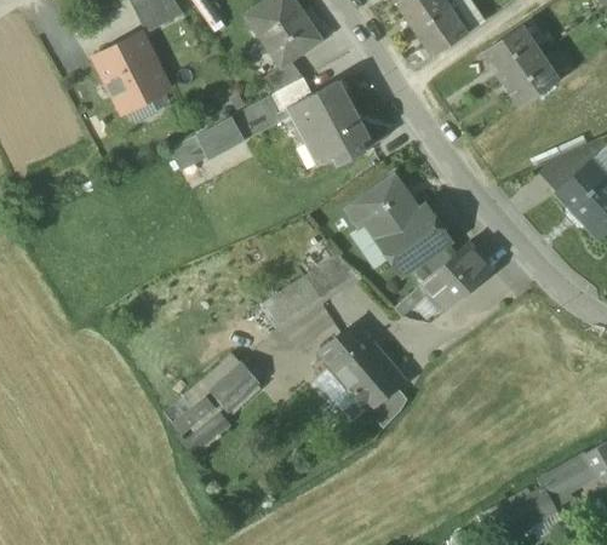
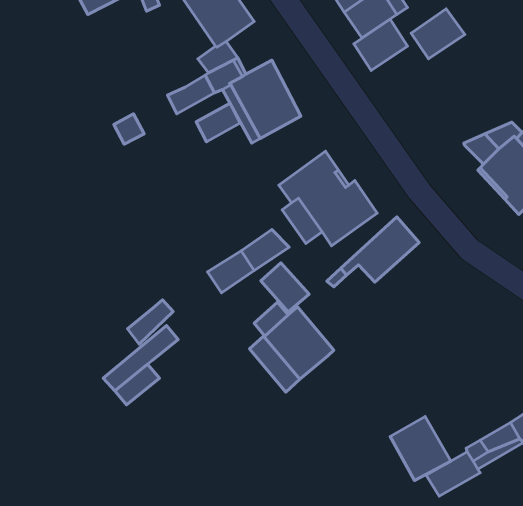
building: [97,35,167,109] -> none
building: [502,52,557,105] -> [354,19,408,71]
building: [196,115,242,155] -> [196,103,241,142]
building: none -> [261,263,309,312]
building: [216,360,263,406] -> [127,300,173,344]
building: [368,385,408,428] -> none
building: none -> [390,416,451,480]

